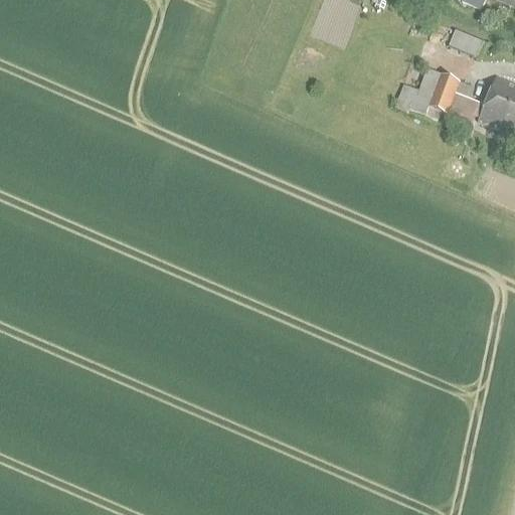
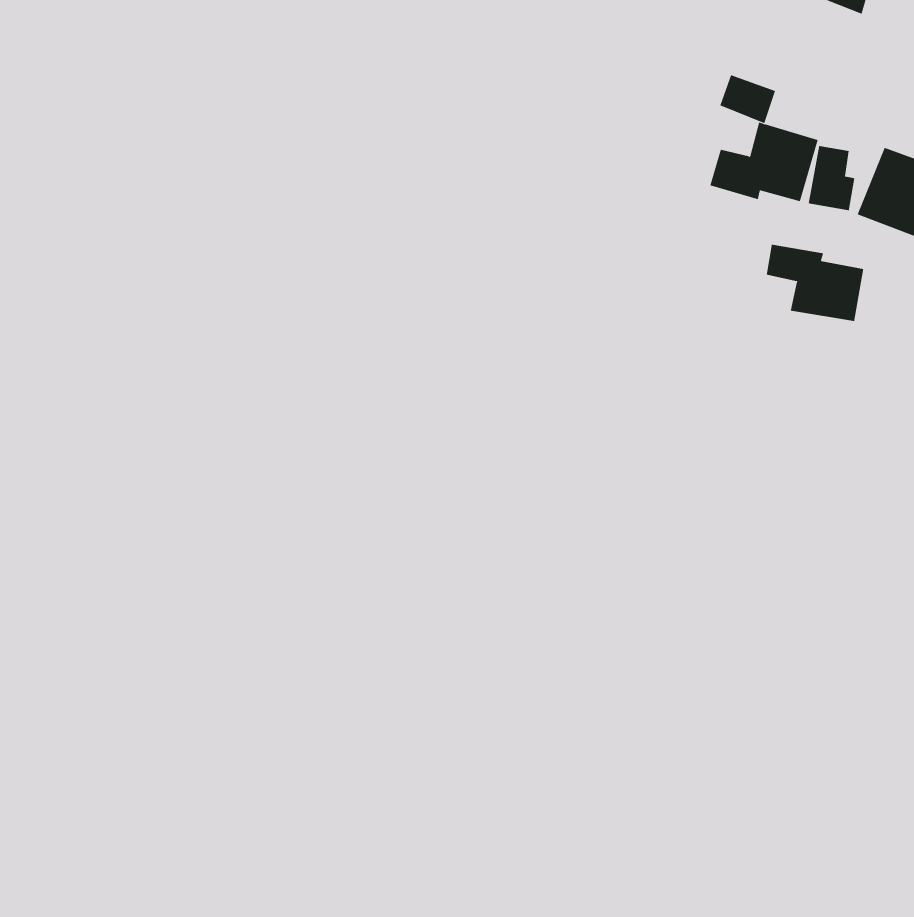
building: [450,27,481,54] -> [719,75,776,124]
building: none -> [766,244,864,322]

